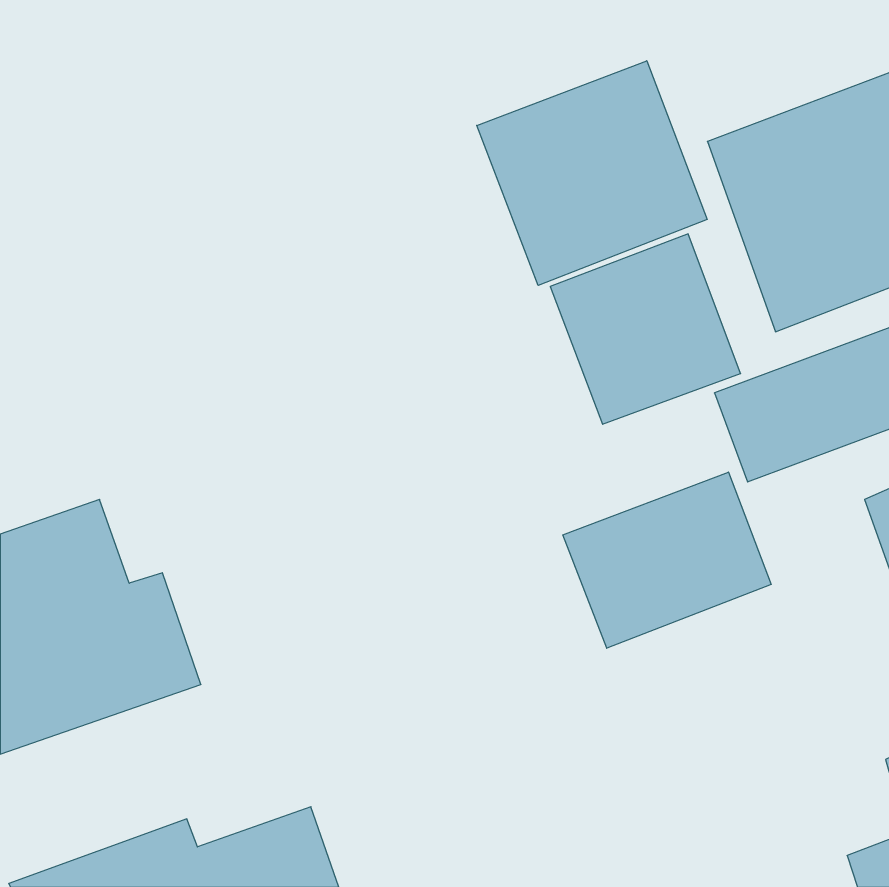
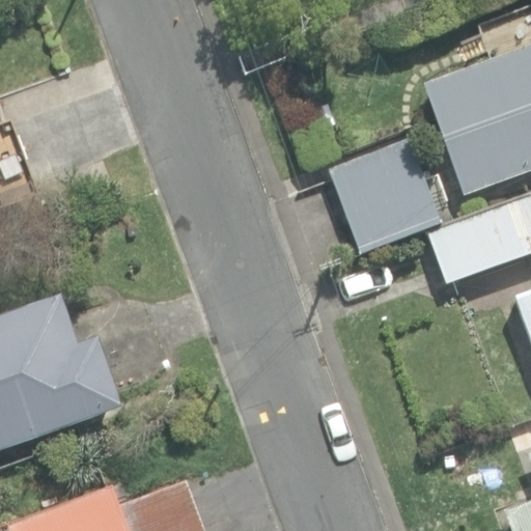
building: [477,61,707,285] -> none
building: [563,472,771,648] -> none

